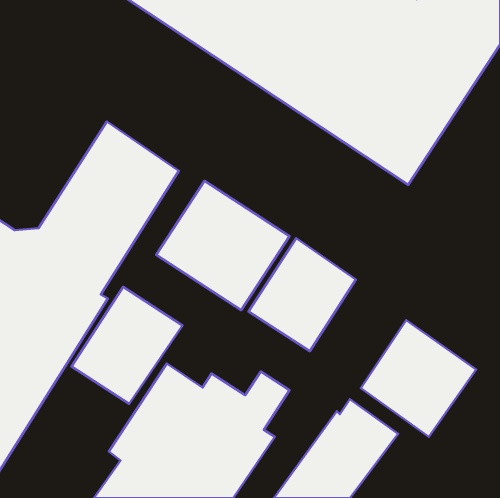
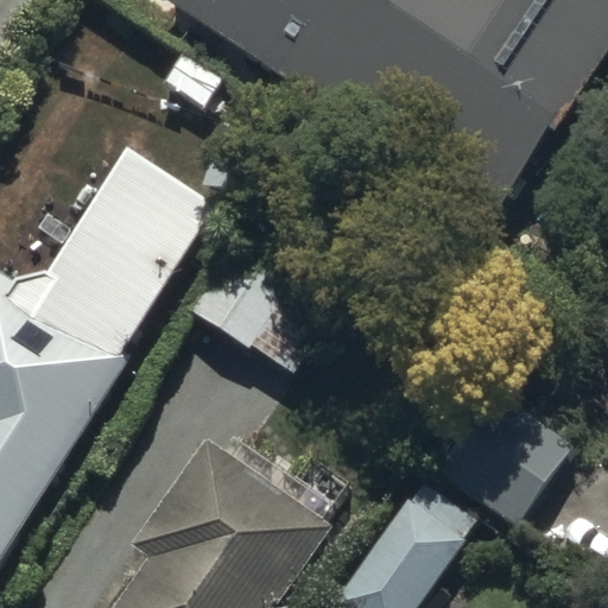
building: [249,238,356,351] -> none
building: [71,287,182,404] -> none

